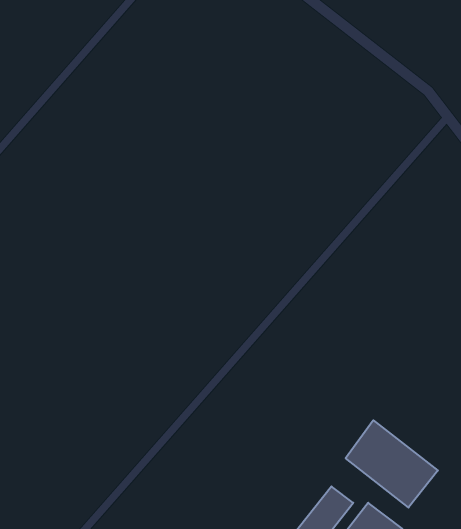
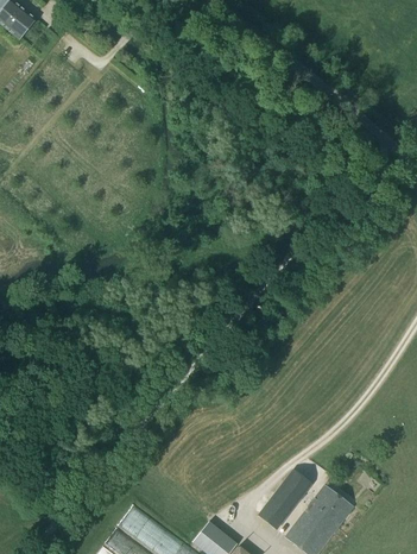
building: [346,420,438,508] -> none

